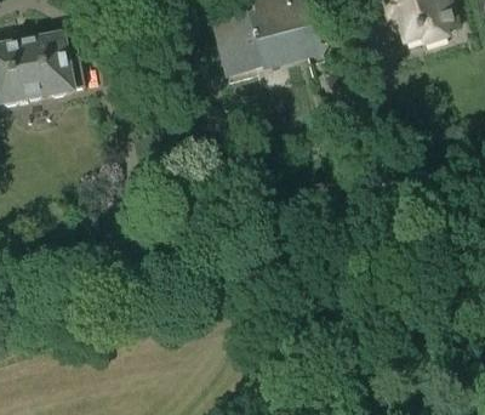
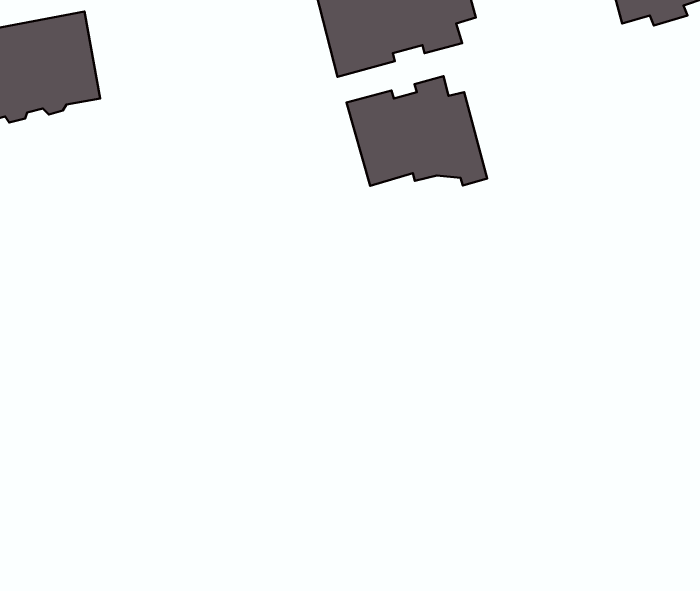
building: none -> [347,76,487,186]

